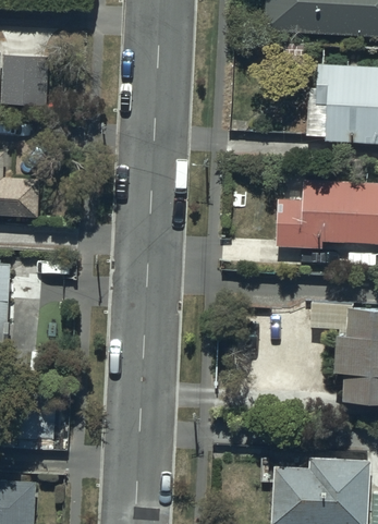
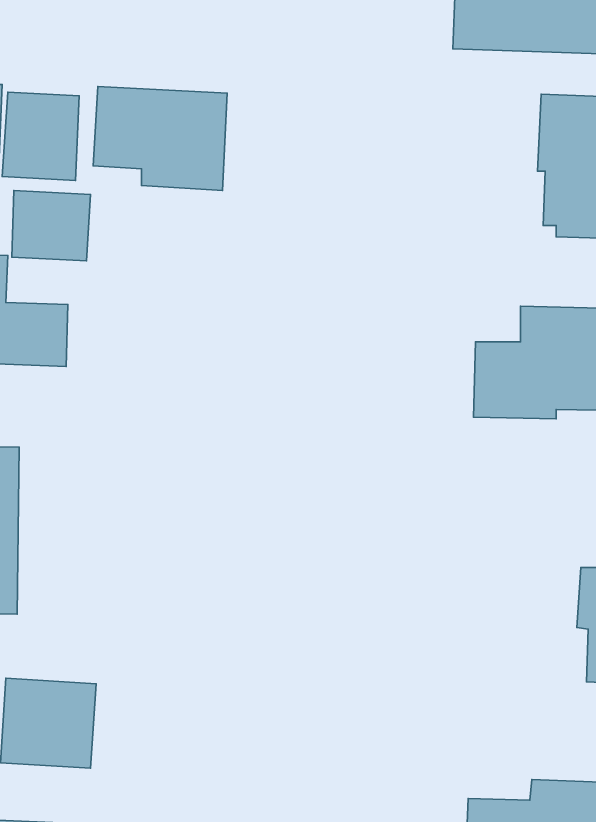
building: none -> [93,87,227,190]
building: none -> [12,191,91,261]

